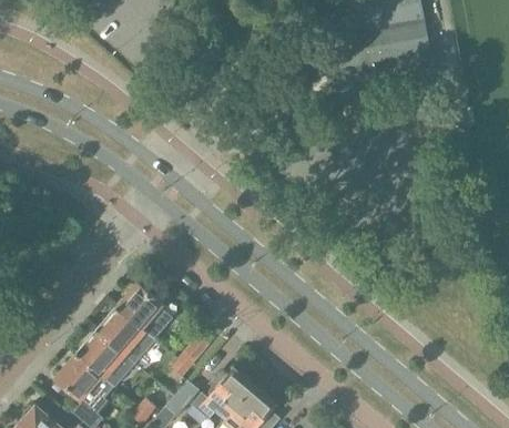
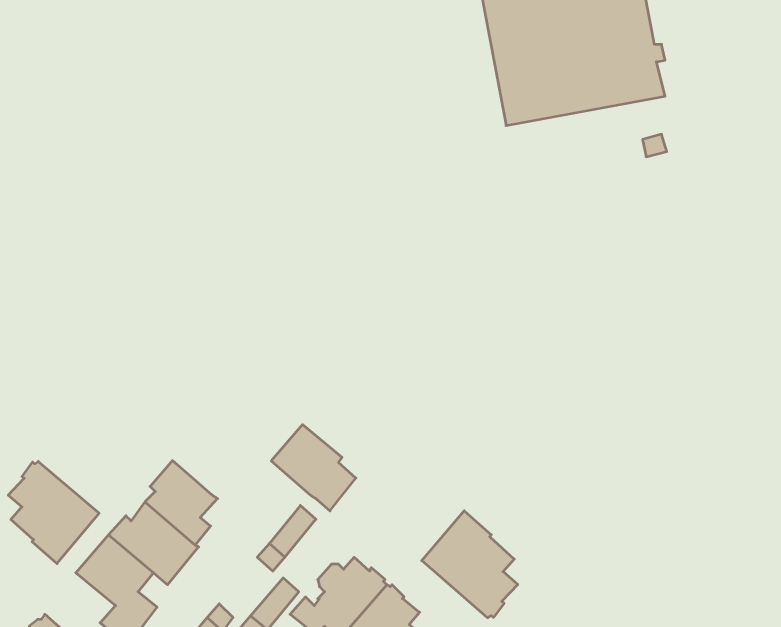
building: [118,283,172,338] -> [271,425,356,511]
building: none -> [8,461,99,564]
building: none -> [422,511,518,618]

